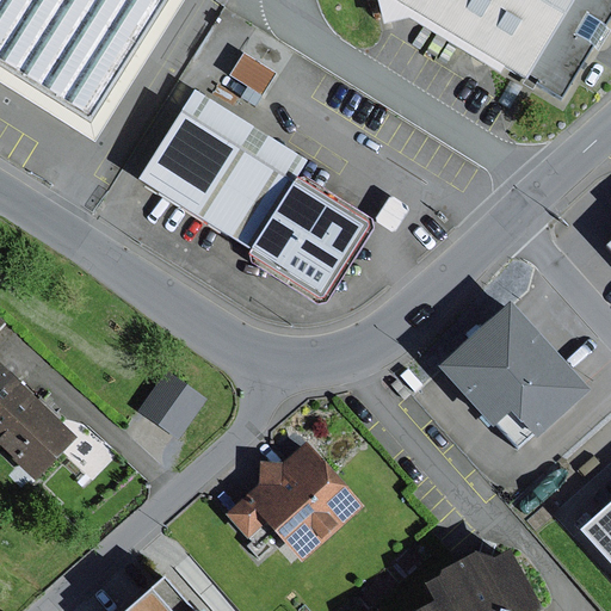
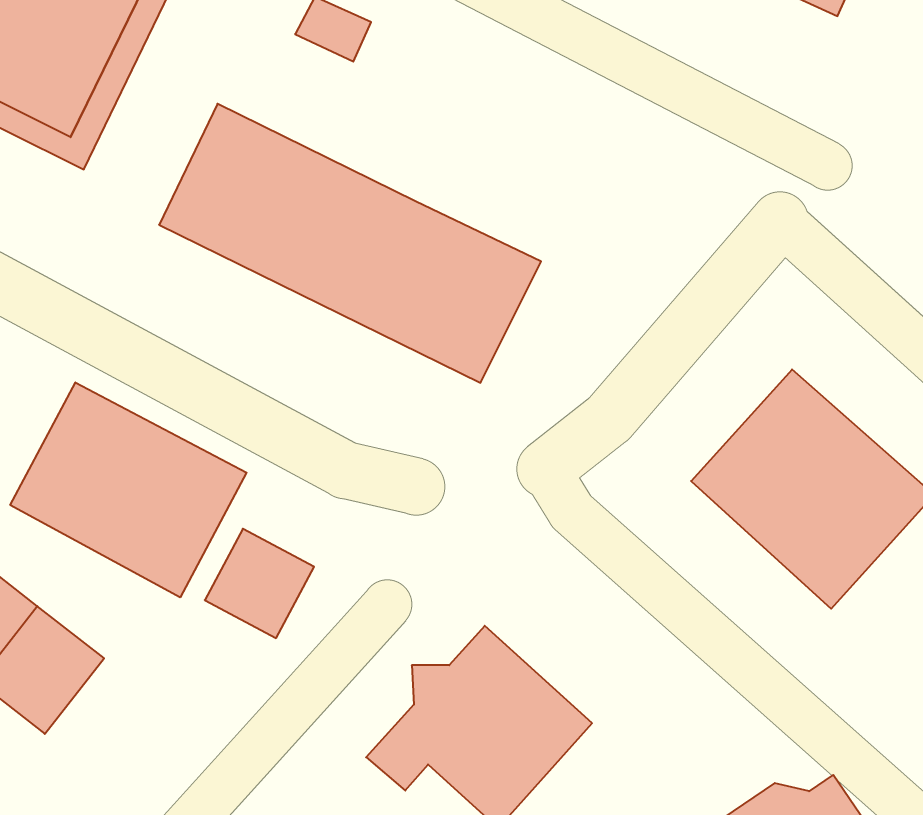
building: [178,86,306,180] -> none
building: none -> [10,382,247,597]

